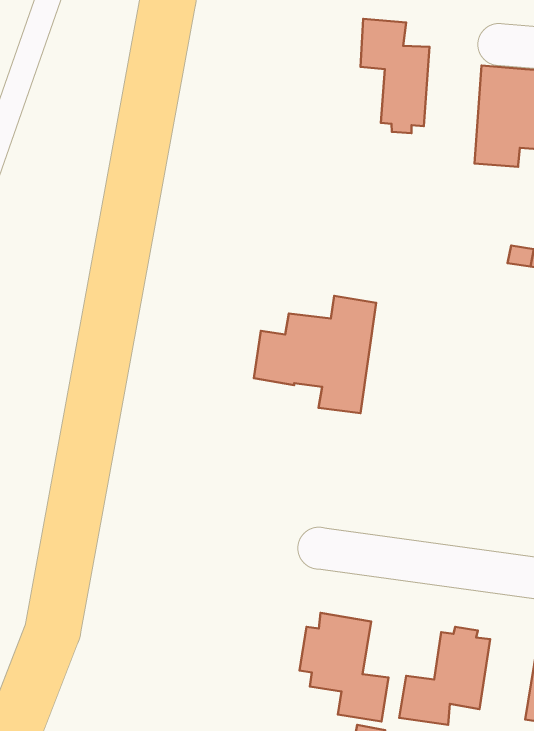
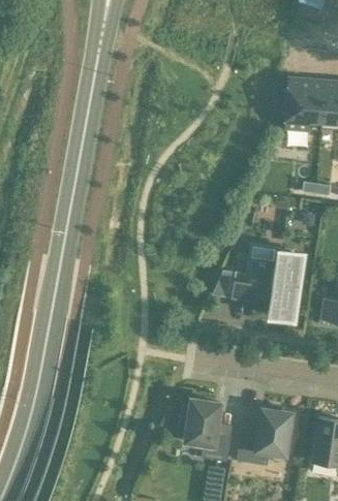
building: [360,19,430,133] -> none
building: [254,296,376,413] -> [231,250,303,319]

